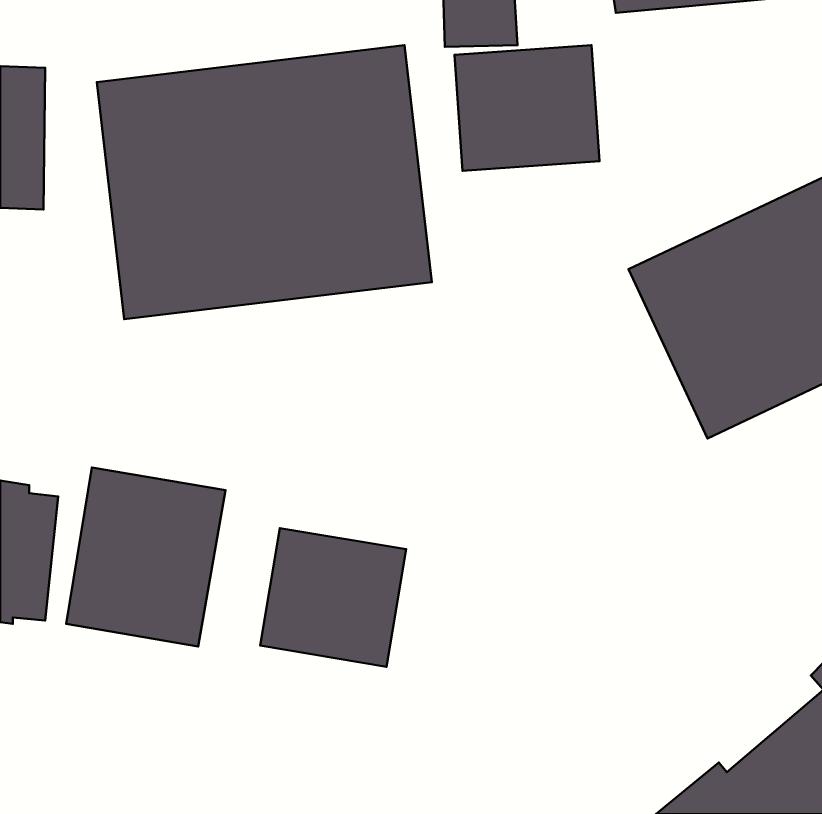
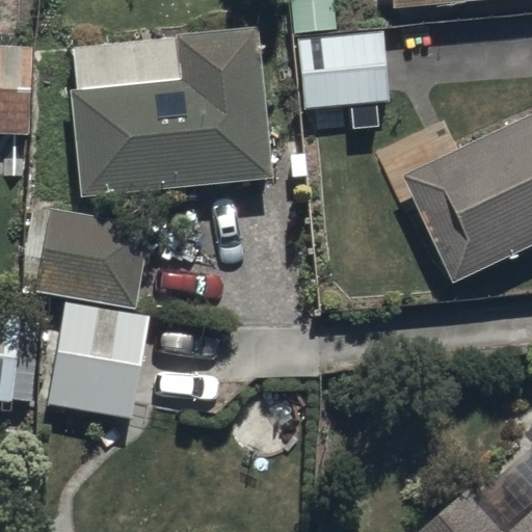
building: none -> [32,208,152,309]
building: [260,528,406,667] -> none

